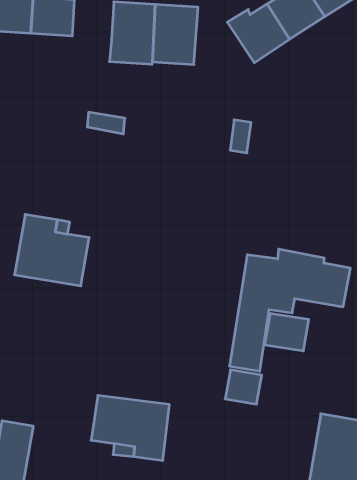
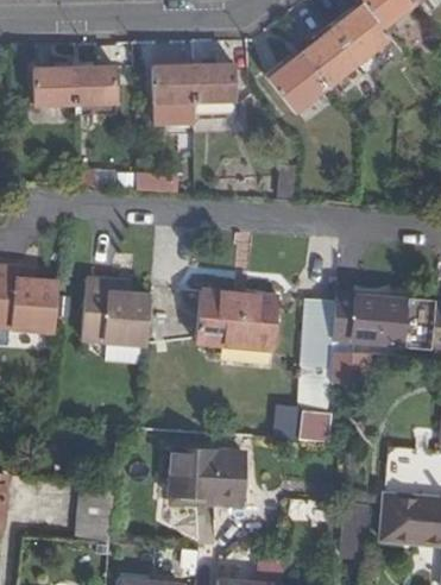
building: none -> [196,291,278,348]

